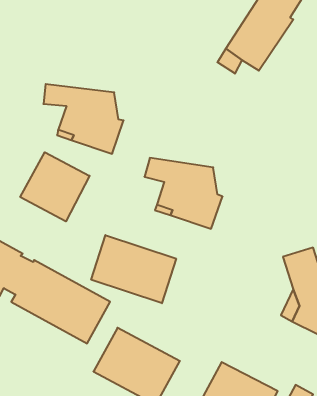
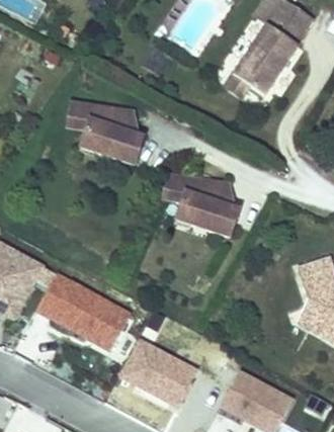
building: [20,152,90,221] -> none
building: [91,235,176,303] -> none

